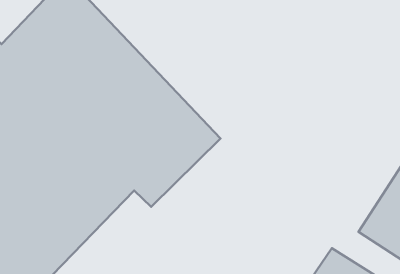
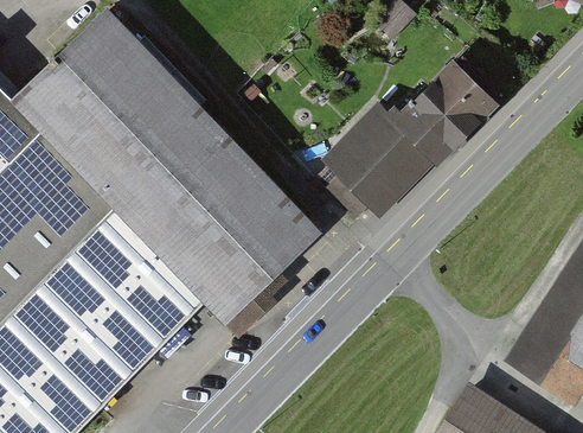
building: none -> [322,58,498,221]

